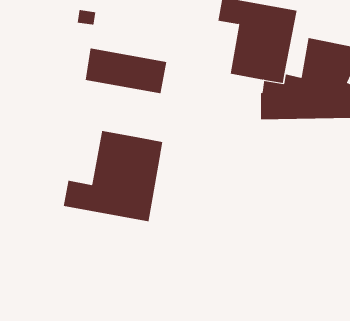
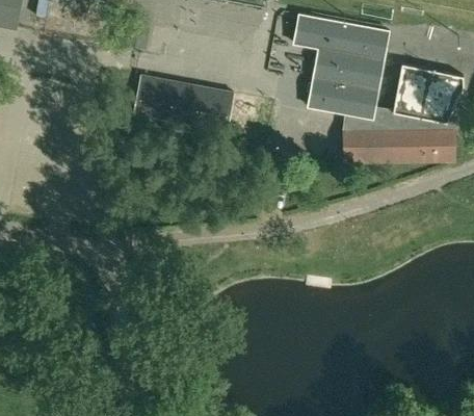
building: [63,130,163,222] -> none

